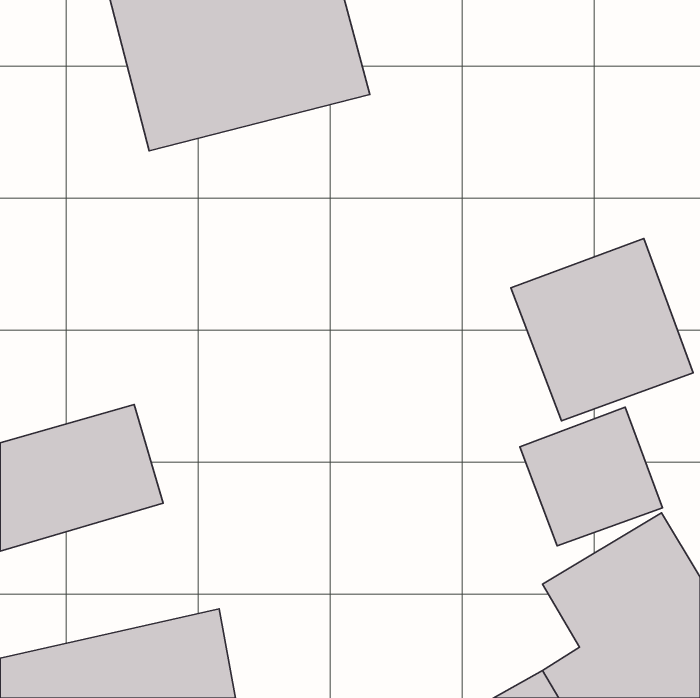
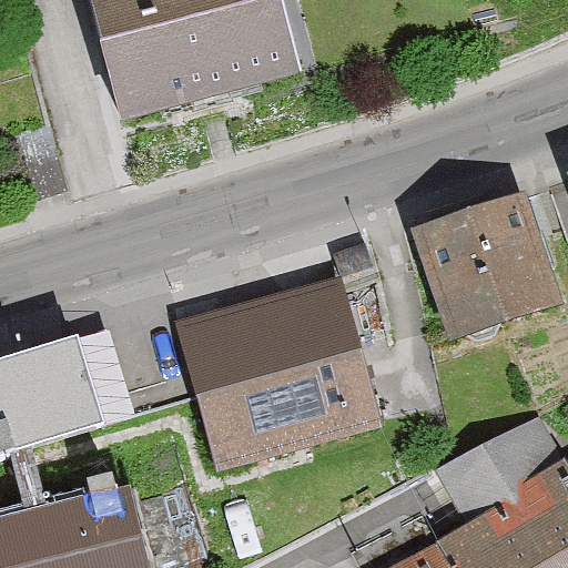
building: none -> [175,280,379,470]
building: [520,407,662,546] -> none

